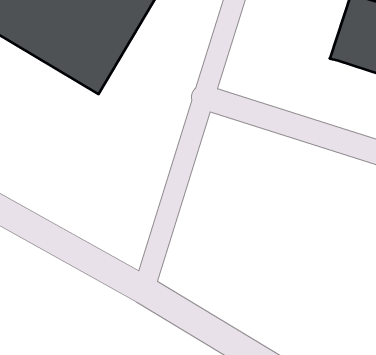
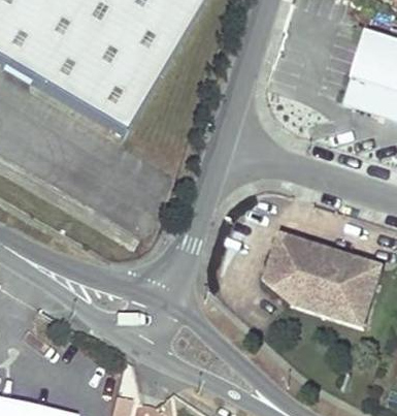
building: none -> [270,233,387,326]

